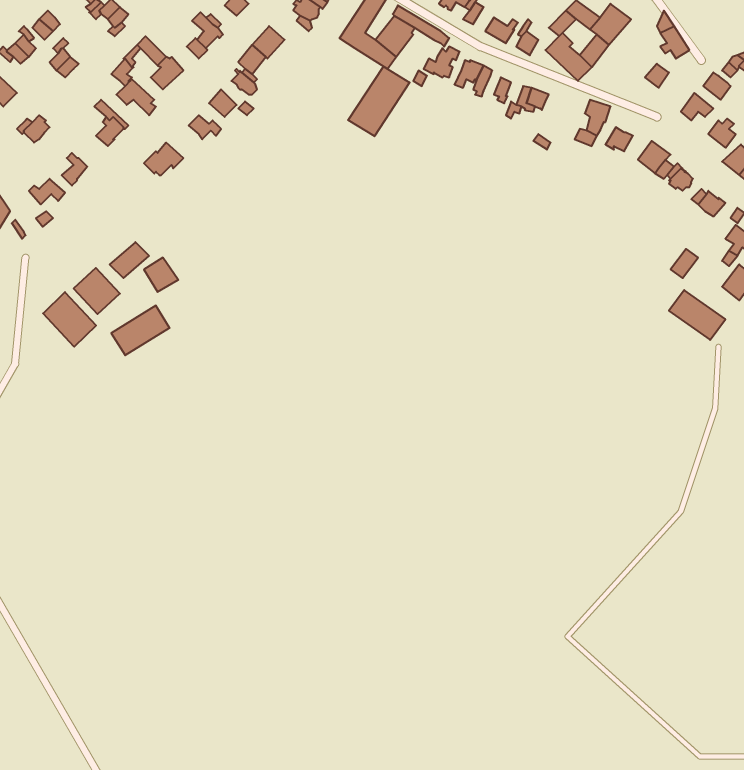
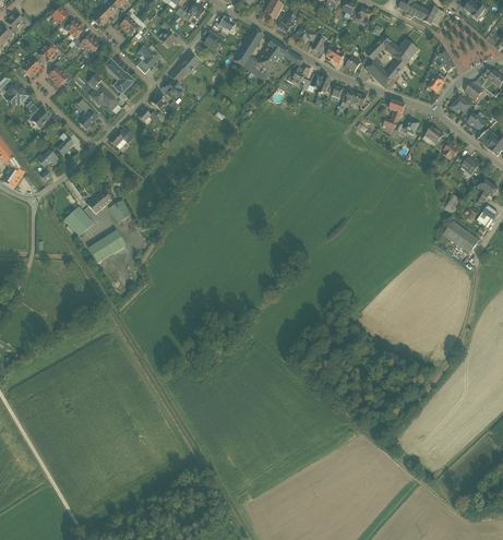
building: [348,66,410,136] -> none
building: [43,292,96,347] -> none

